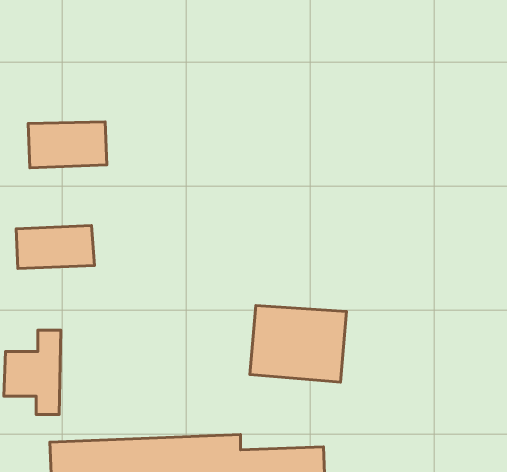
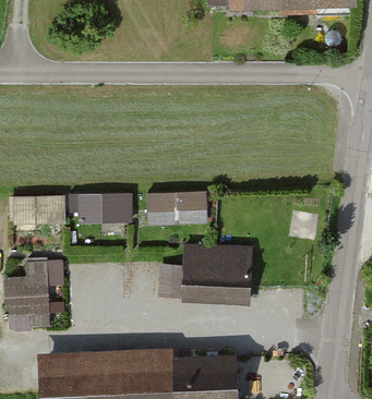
building: [28,122,107,168] -> [82,191,137,223]
building: none -> [149,191,212,222]

